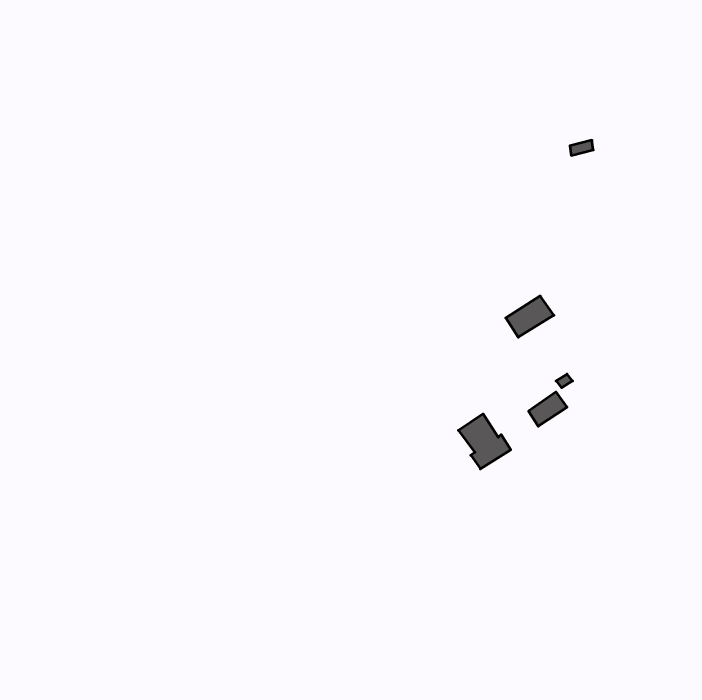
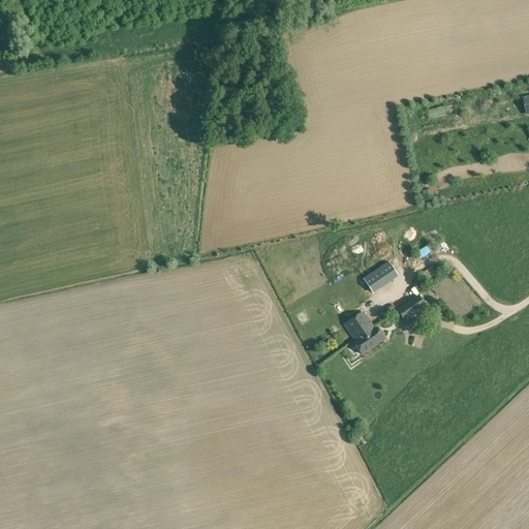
building: [506,296,554,337] -> [363,261,399,292]

